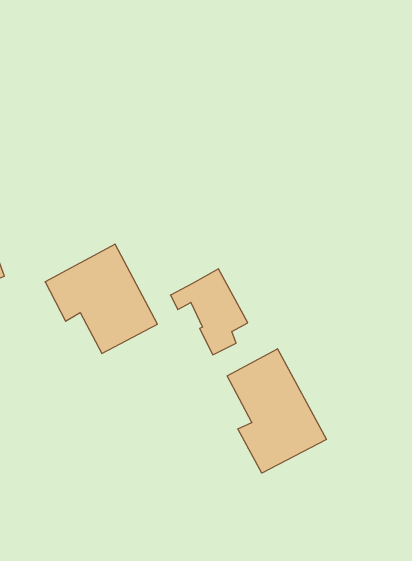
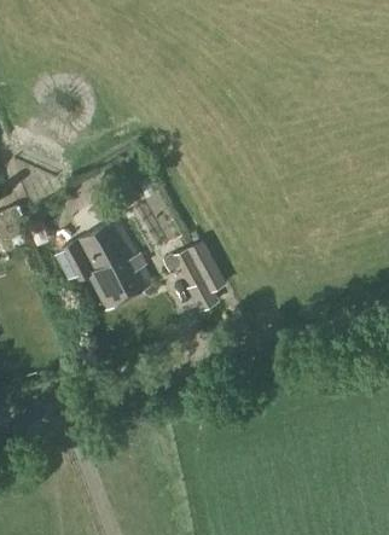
building: [227,349,326,473] -> none

